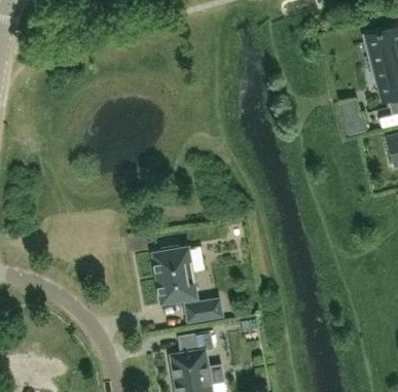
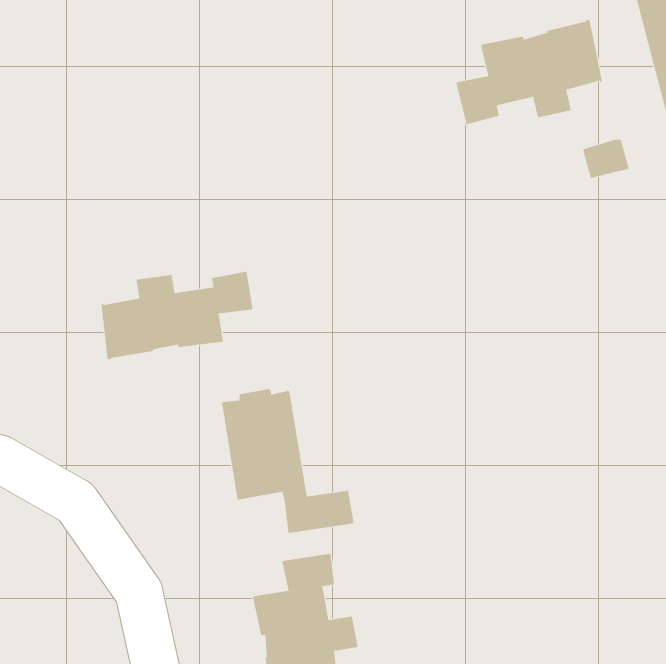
building: none -> [456,19,603,125]
building: none -> [101,271,253,360]

